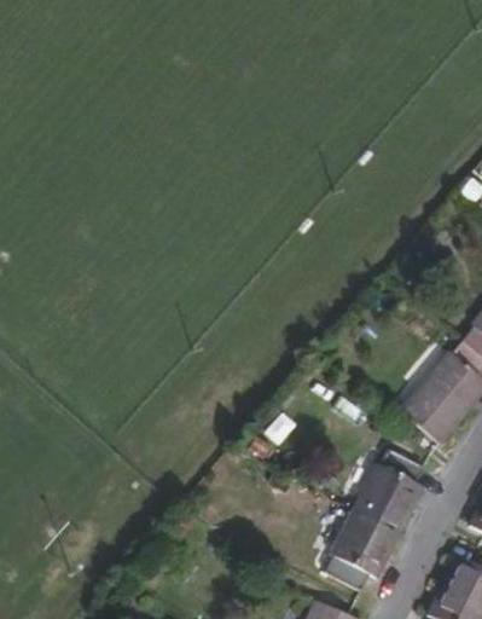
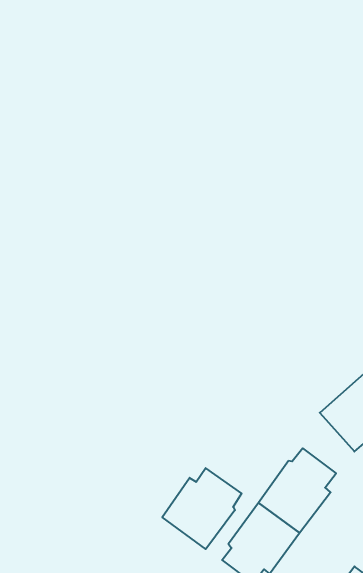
building: none -> [162,468,242,549]

